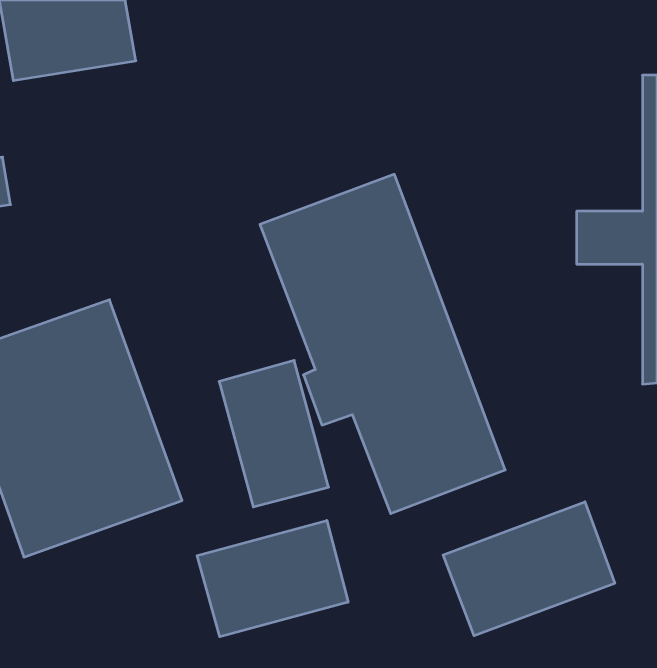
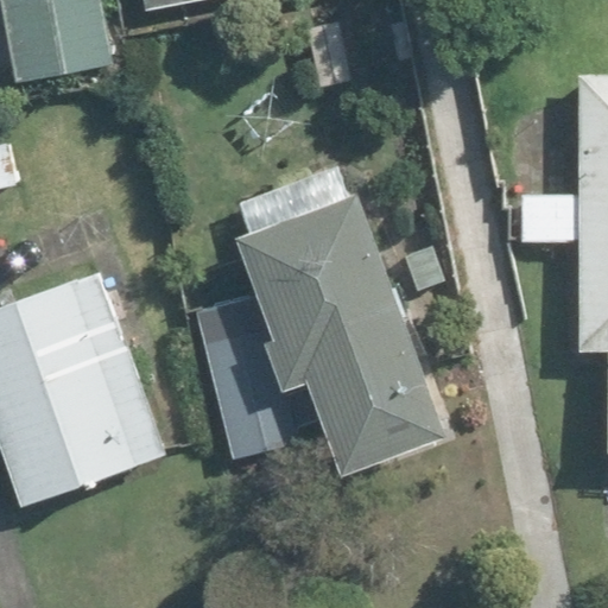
building: [443,502,615,636] -> none
building: [197,520,348,637] -> none

